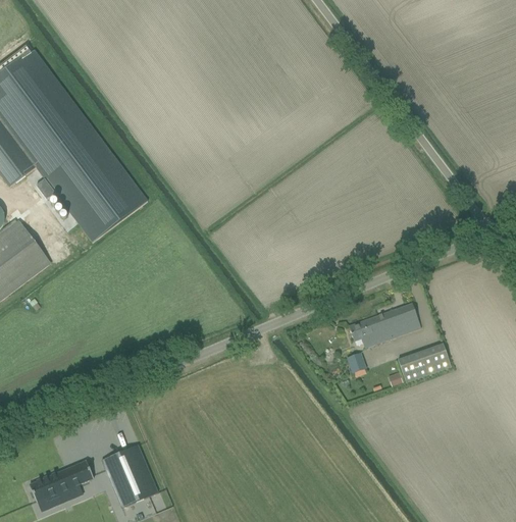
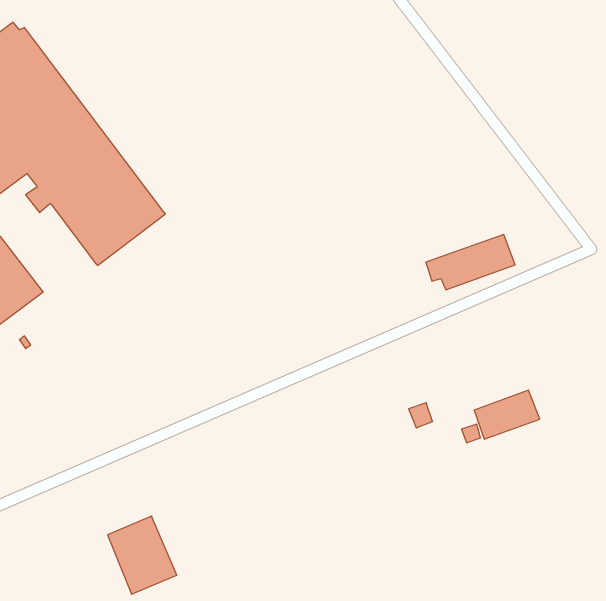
building: [349,303,421,348] -> [426,235,515,290]
building: [30,460,94,505] -> none

